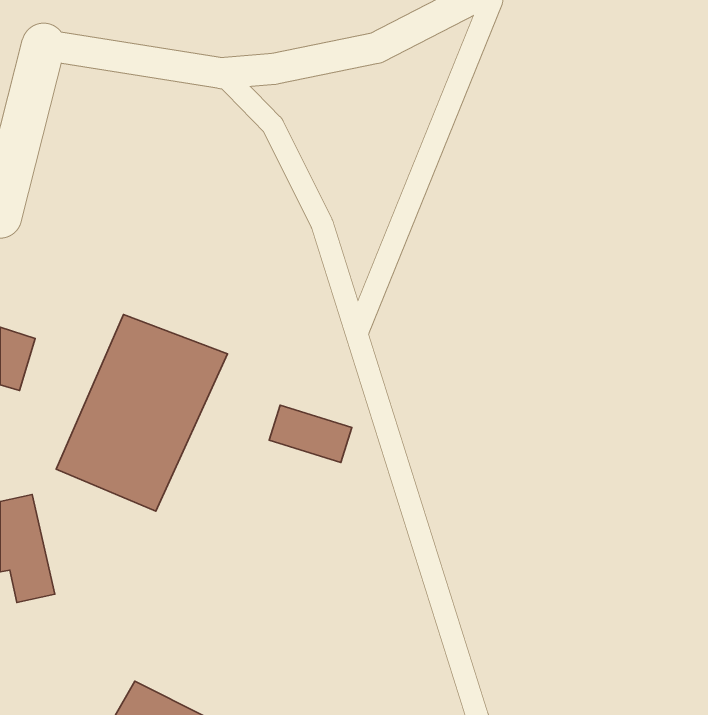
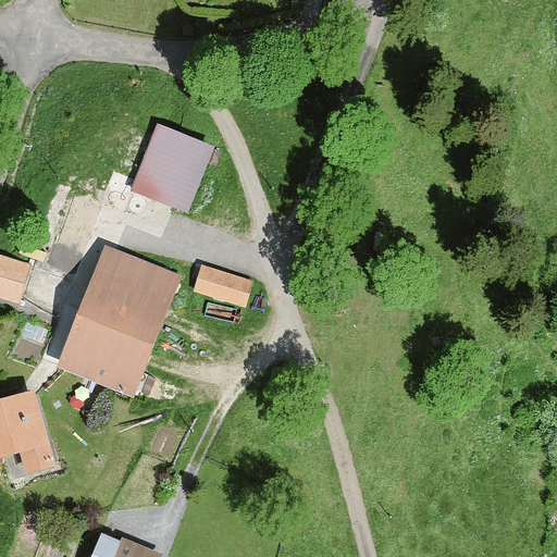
building: none -> [131,122,210,212]
building: [269,405,352,463] -> [194,264,258,309]

